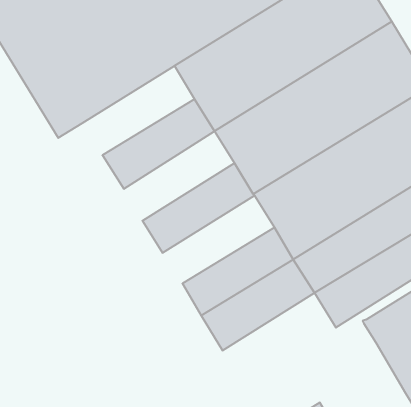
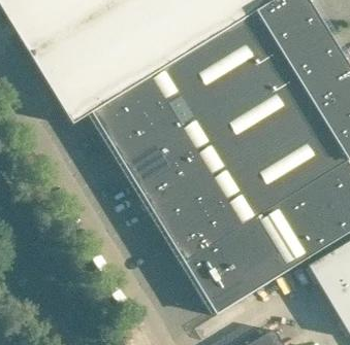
building: none -> [92,69,179,138]
building: none -> [124,119,210,188]
building: none -> [154,169,241,237]
building: none -> [200,244,288,315]

